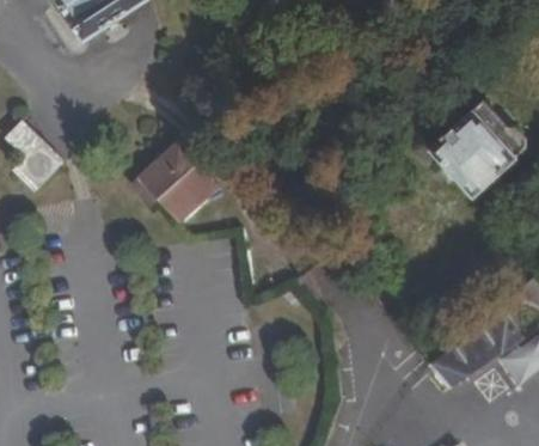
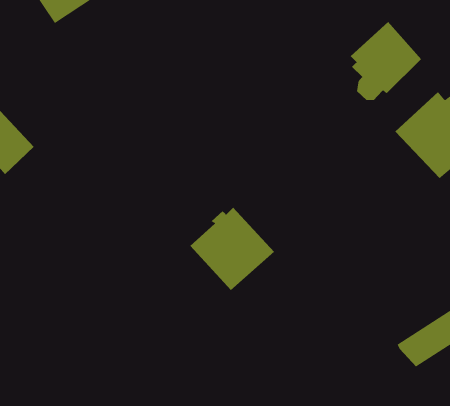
building: none -> [350,21,422,101]
building: [135,139,221,224] -> [189,207,275,291]

